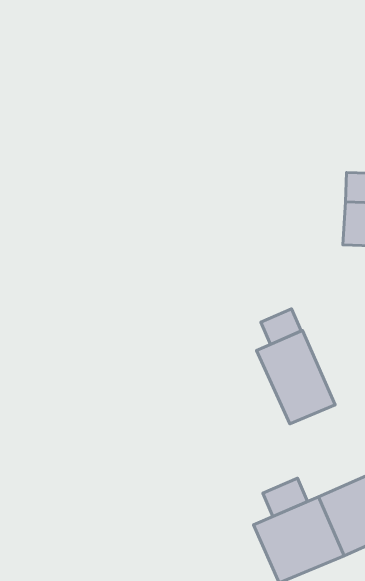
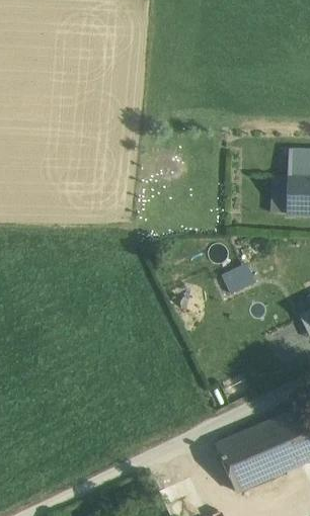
building: [257,331,335,424] -> none
building: [263,478,307,516] -> none

